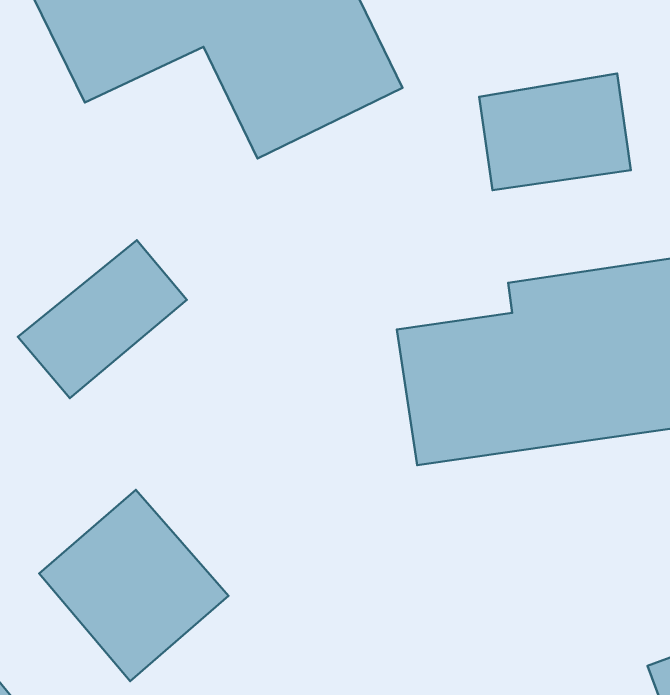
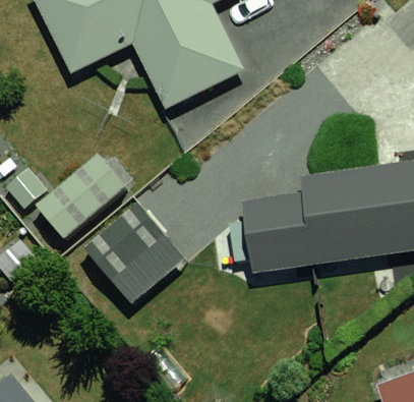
building: [479,74,631,190] -> none
building: [39,490,229,681] -> [84,205,188,309]

